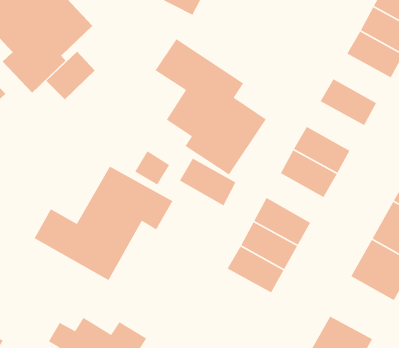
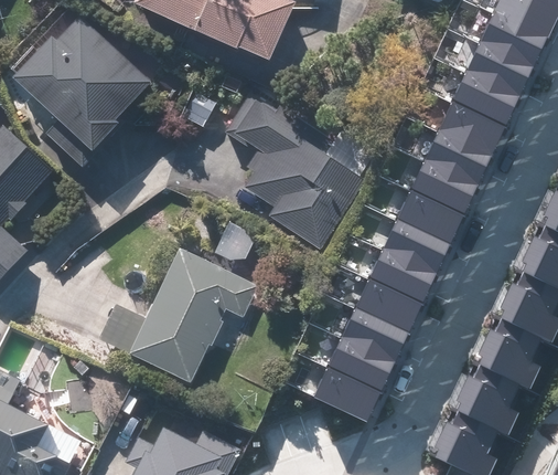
building: [45,51,96,100] -> none
building: none -> [439,96,507,151]
building: none -> [411,155,480,210]
building: [179,158,237,206] -> [369,243,438,298]
building: none -> [315,360,384,415]
building: none -> [454,359,529,431]

